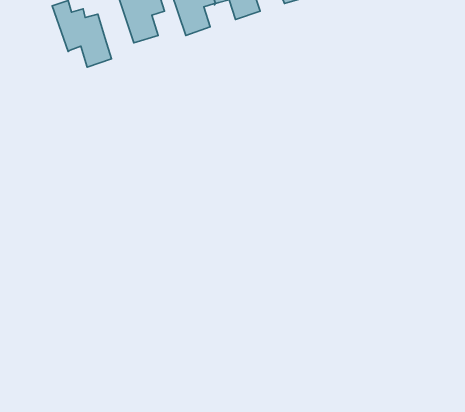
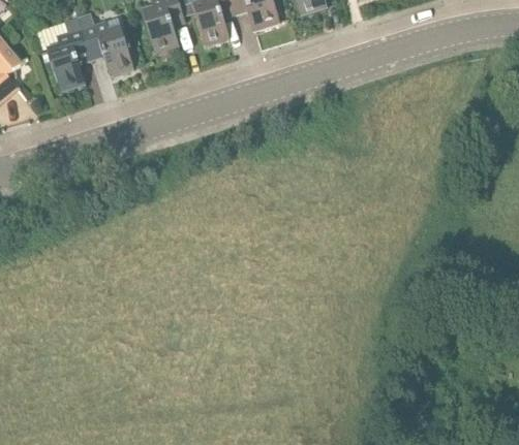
building: none -> [36,15,91,90]

